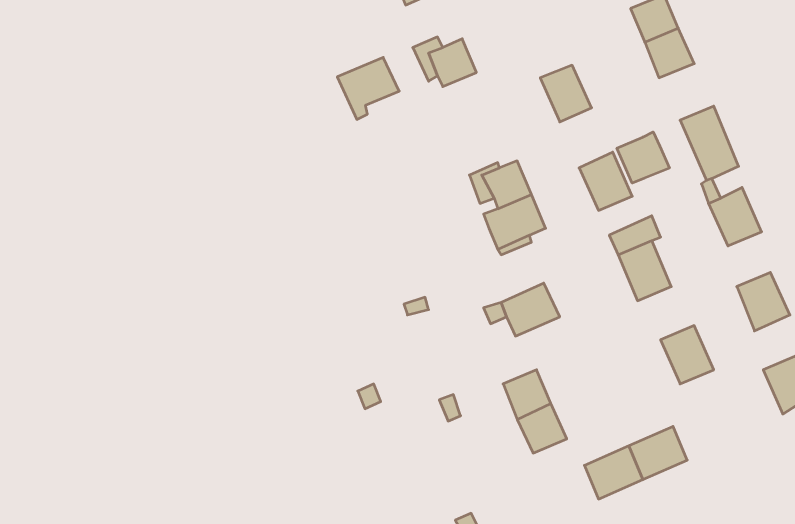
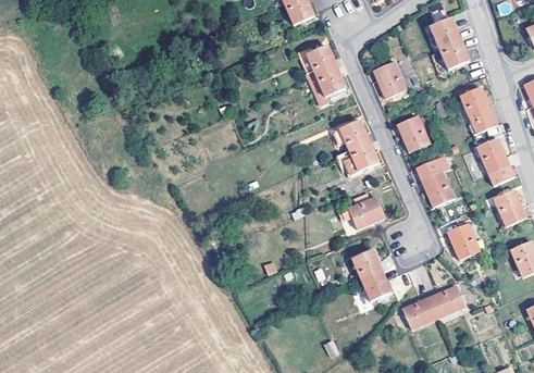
building: [337,57,399,119] -> [307,66,345,104]
building: [617,132,669,183] -> none

